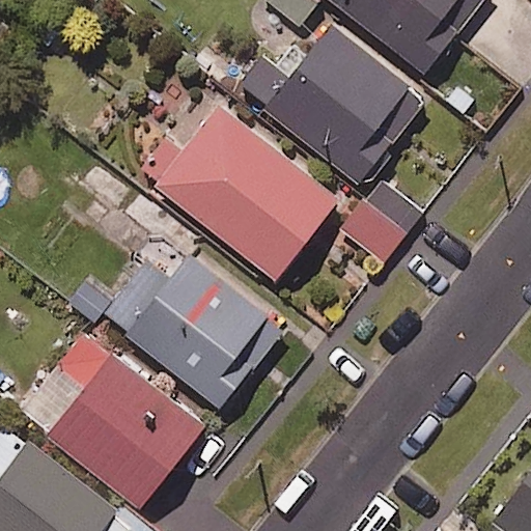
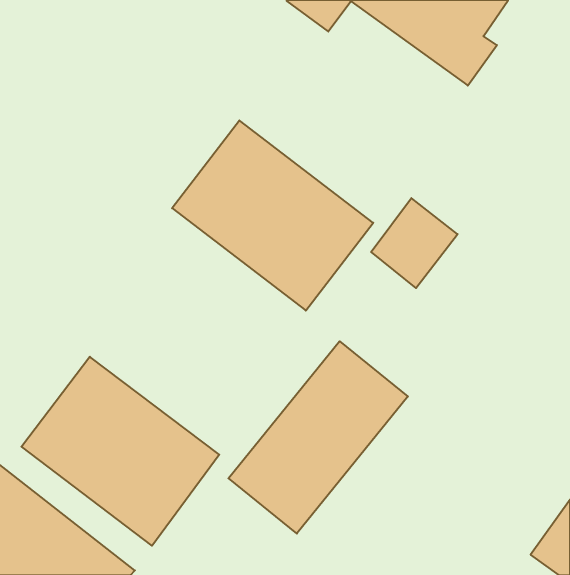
building: [239,31,429,191] -> none
building: [68,242,279,396] -> none
building: none -> [228,341,408,534]

